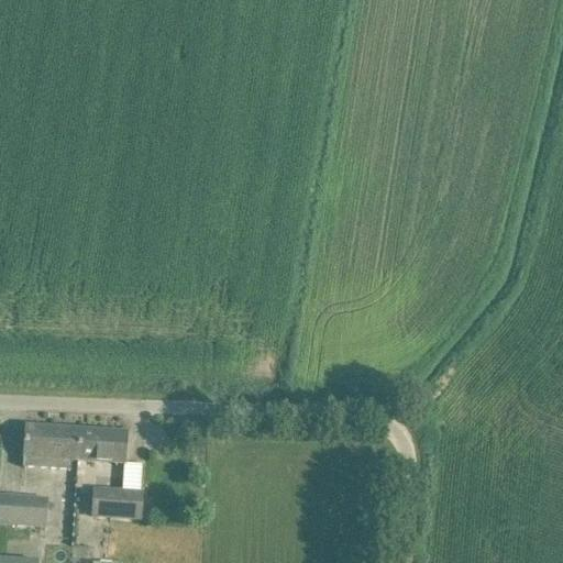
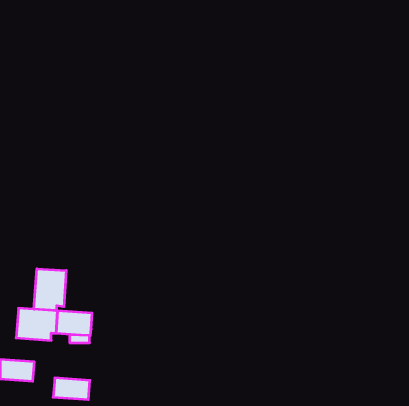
building: none -> [34,269,66,311]
building: [91,487,142,517] -> [53,378,90,400]

